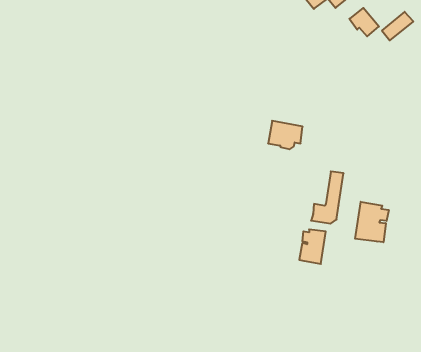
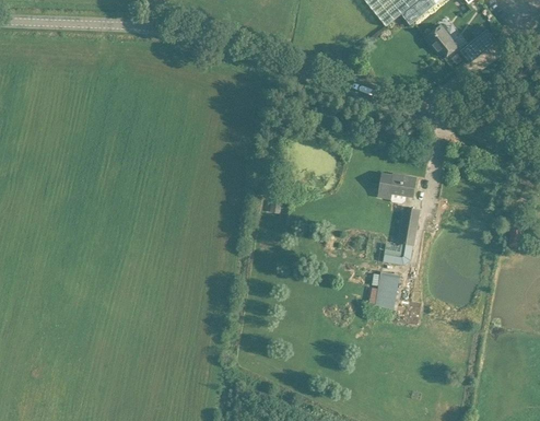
building: [268,121,303,149] -> [377,171,415,202]
building: [355,202,389,242] -> none

